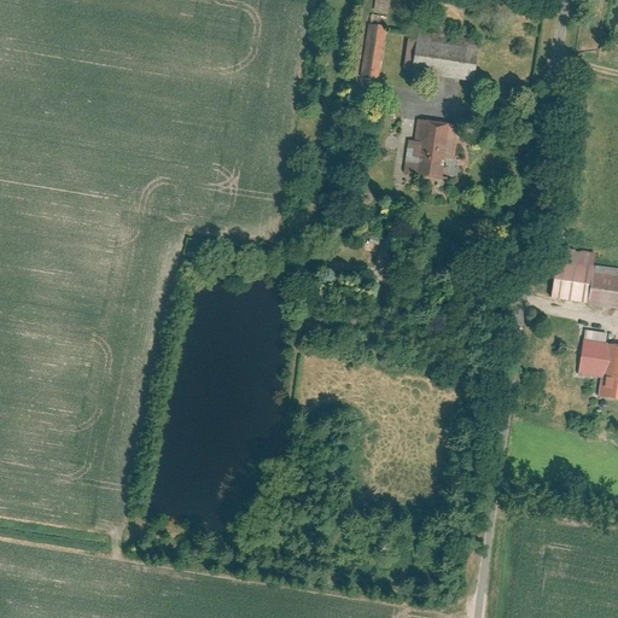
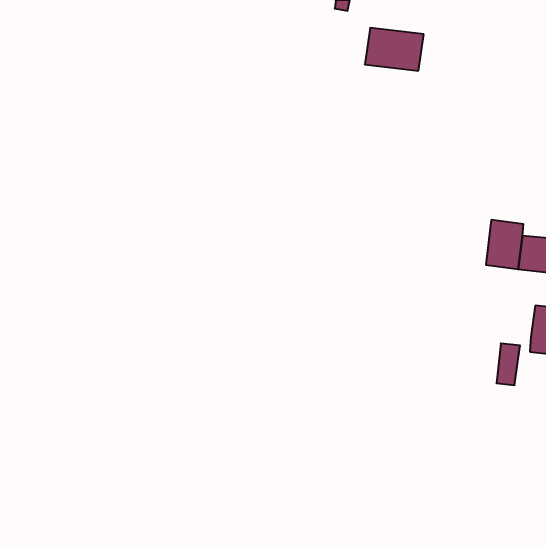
building: [362,23,387,80] -> none
building: [406,118,455,176] -> none
building: [579,332,606,379] -> [496,343,520,385]

